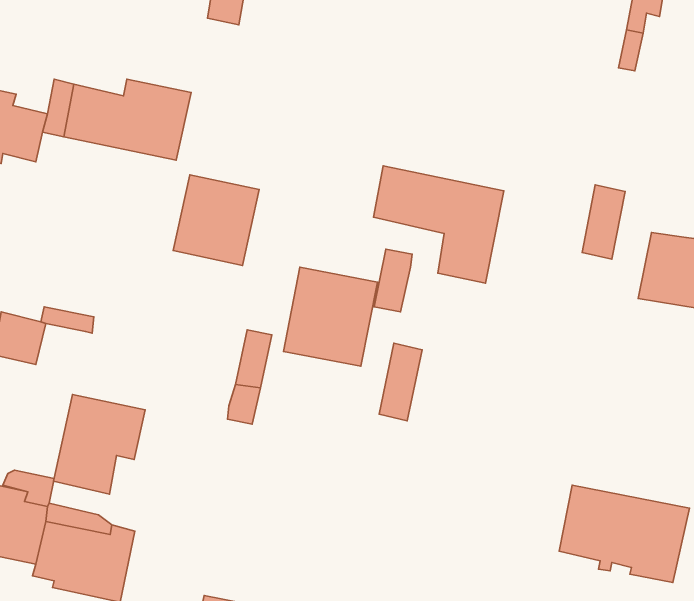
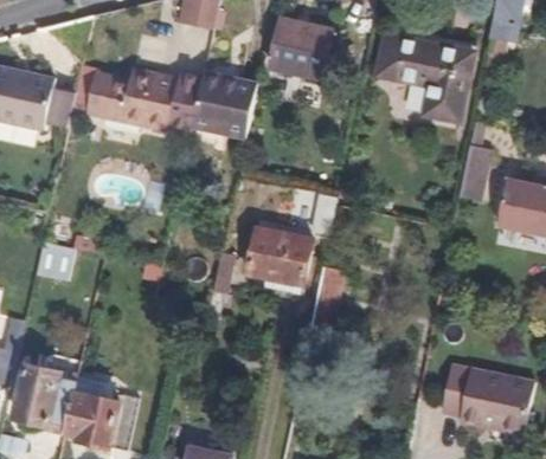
building: none -> [266,26,328,89]
building: [373,166,504,283] -> [378,35,471,119]
building: [173,175,259,266] -> [192,76,253,141]
building: [54,395,145,494] -> none

